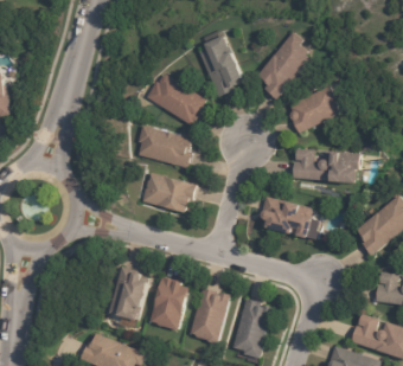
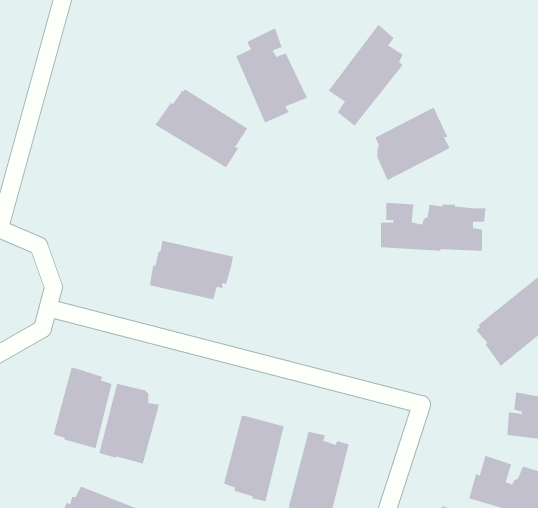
building: [135,124,191,167] -> none
building: [260,197,311,238] -> none
building: [148,276,187,329] -> [53,368,112,449]

